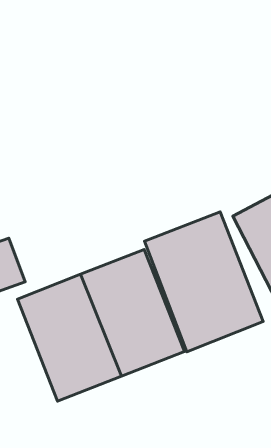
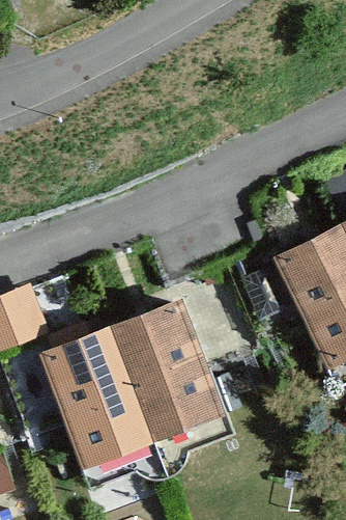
building: [145,212,263,352] -> none

